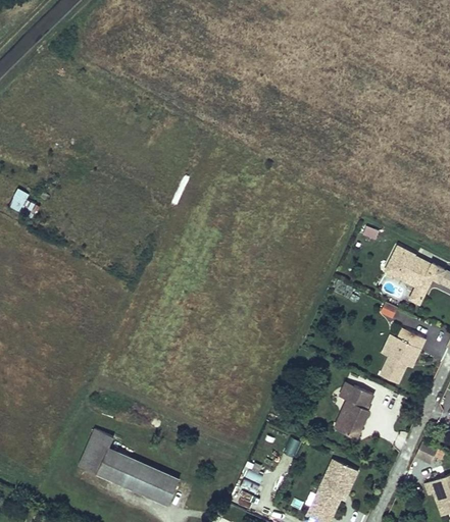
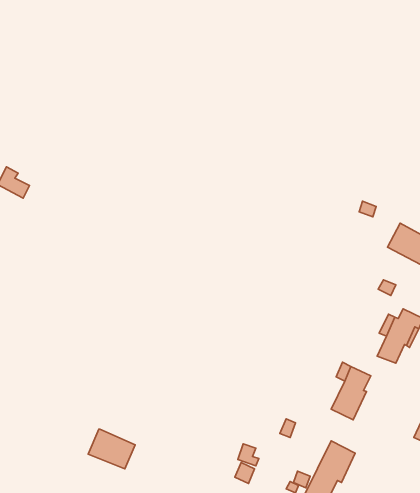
building: [79,429,114,475] -> none
building: [134,464,179,503] -> none

